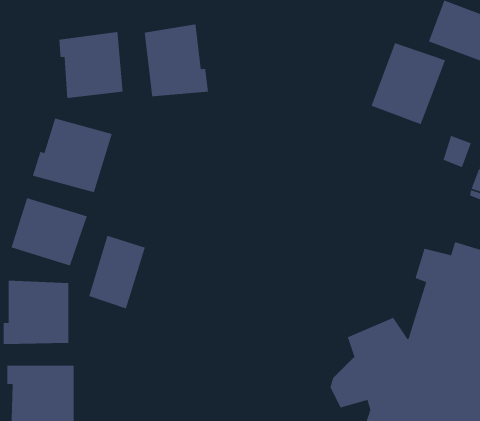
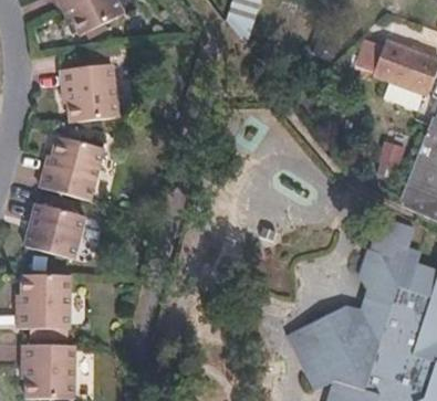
building: [144,23,209,97] -> none
building: [371,42,446,125] -> none
building: [88,235,146,309] -> none

